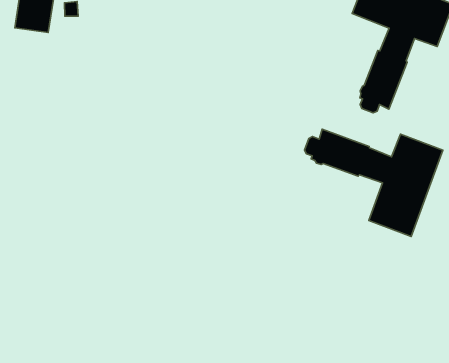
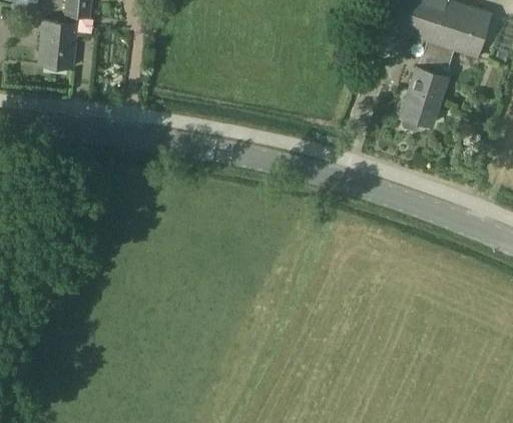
building: [305,129,443,237] -> none

